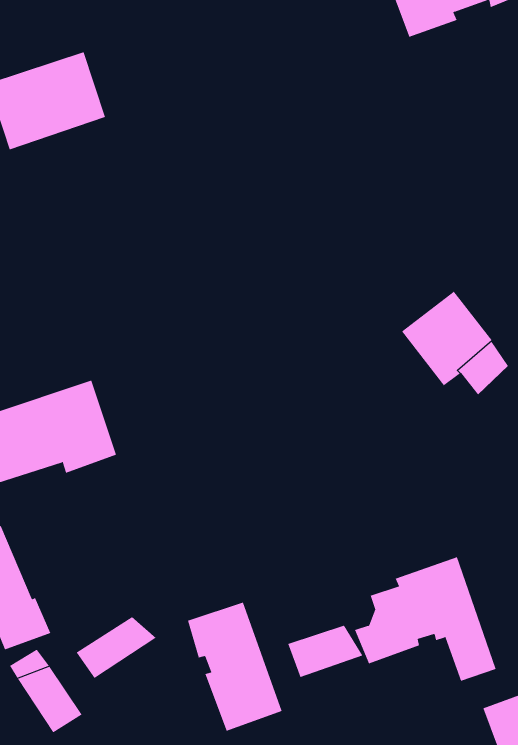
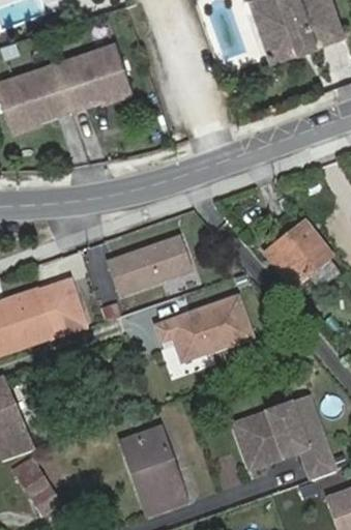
building: none -> [61,45,134,108]
building: none -> [103,235,188,293]
building: none -> [153,293,258,370]
building: [76,616,157,679] -> none
building: [288,625,363,678] -> none

